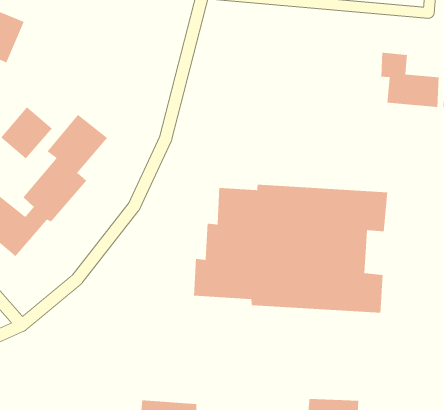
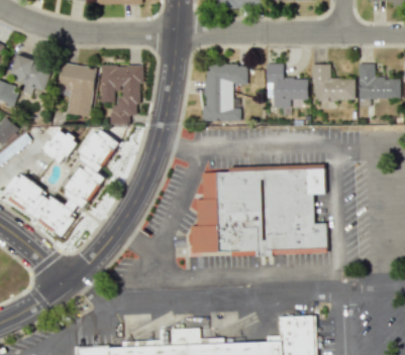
building: none -> [57,64,96,117]
building: none -> [100,66,140,124]
building: none -> [201,65,246,121]
building: none -> [266,64,307,108]

